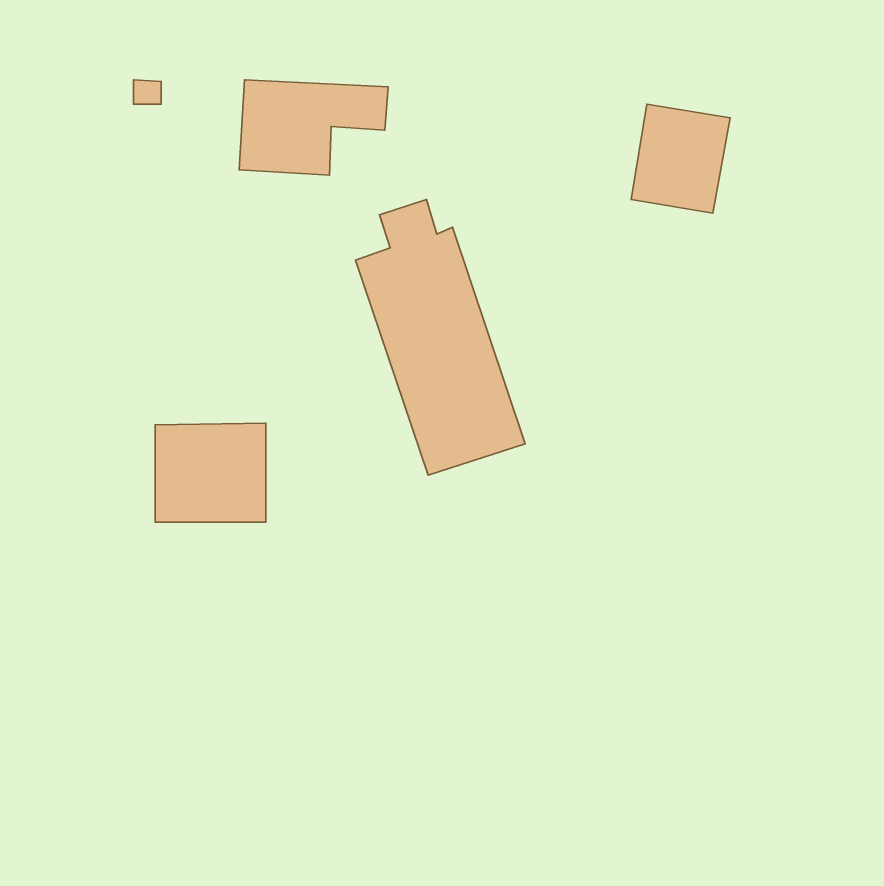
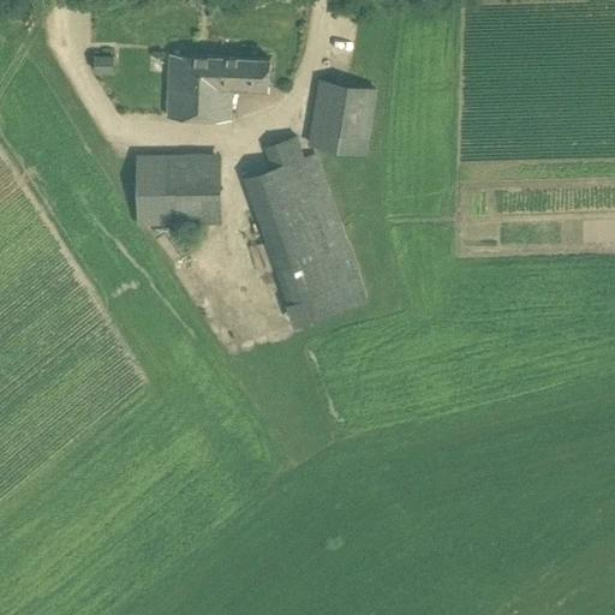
building: [631,104,730,213] -> [308,79,376,155]
building: [155,423,266,522] -> [139,155,216,223]

